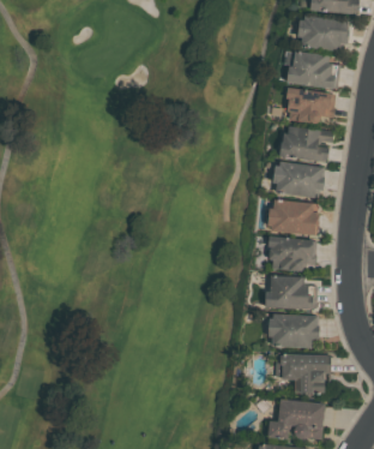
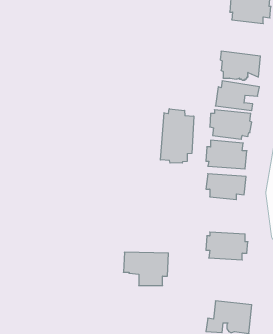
building: [286,50,339,89] -> none
building: none -> [160,109,194,163]
building: [265,276,315,310] -> none
building: [275,353,331,395] -> [123,252,168,286]

